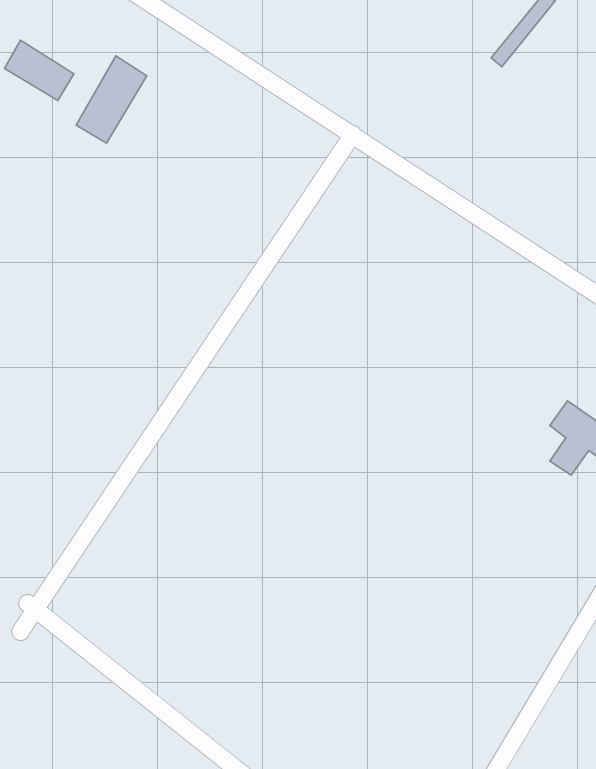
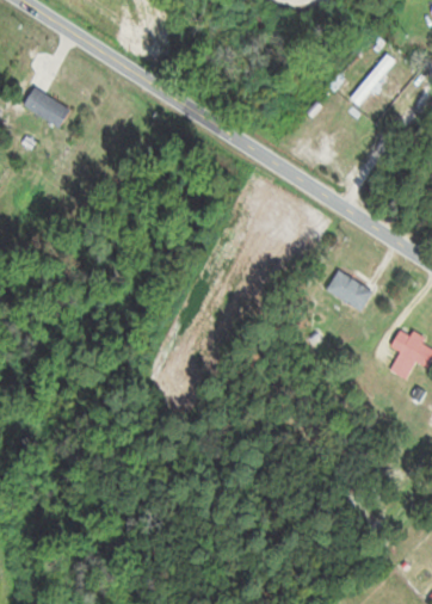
building: [76,56,147,143] -> none
building: none -> [326,271,374,310]

